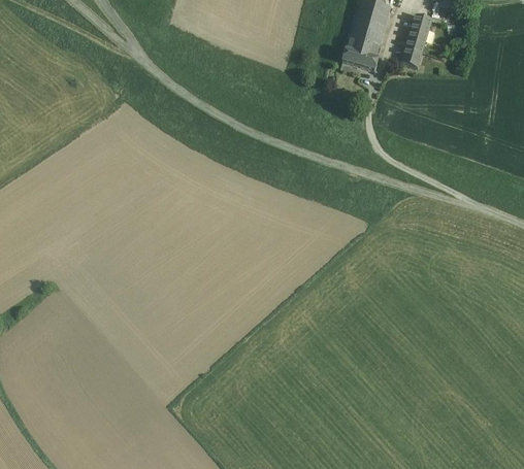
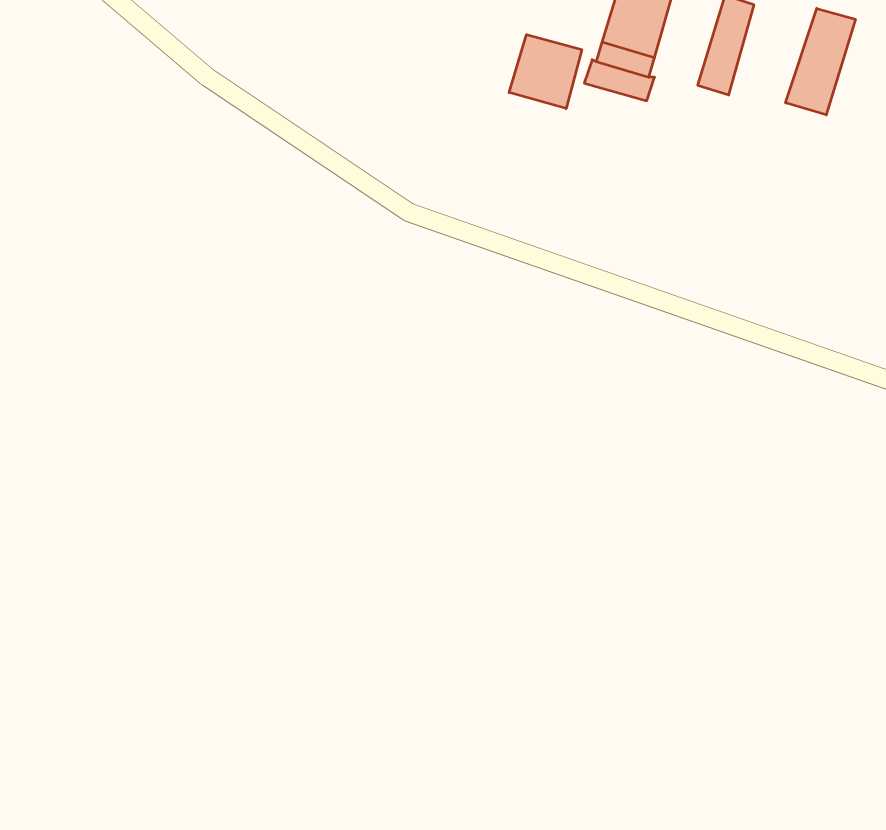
building: none -> [786,8,855,115]
building: none -> [509,35,582,109]

